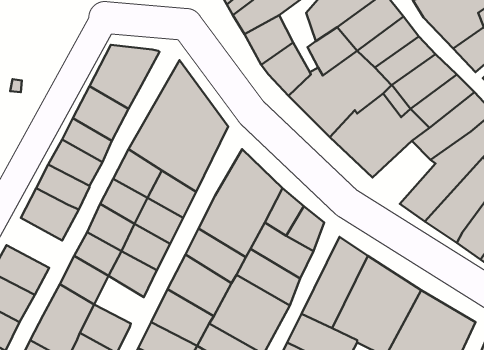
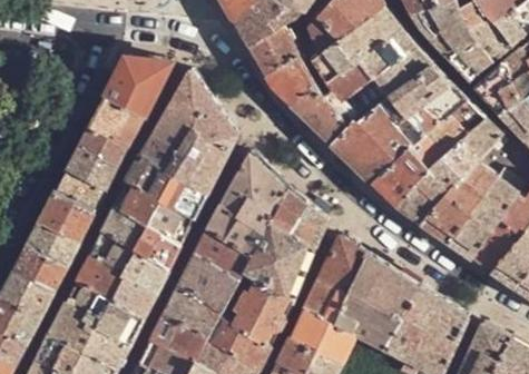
building: none -> [372,145,431,204]
building: none -> [28,217,80,264]
building: none -> [110,272,157,316]

